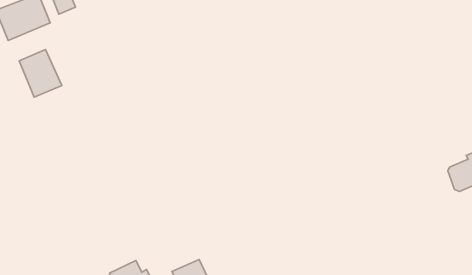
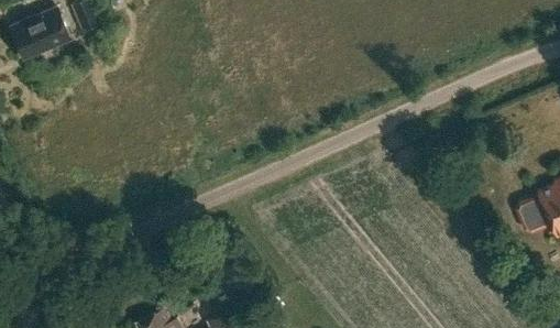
building: [19,49,62,97] -> none

